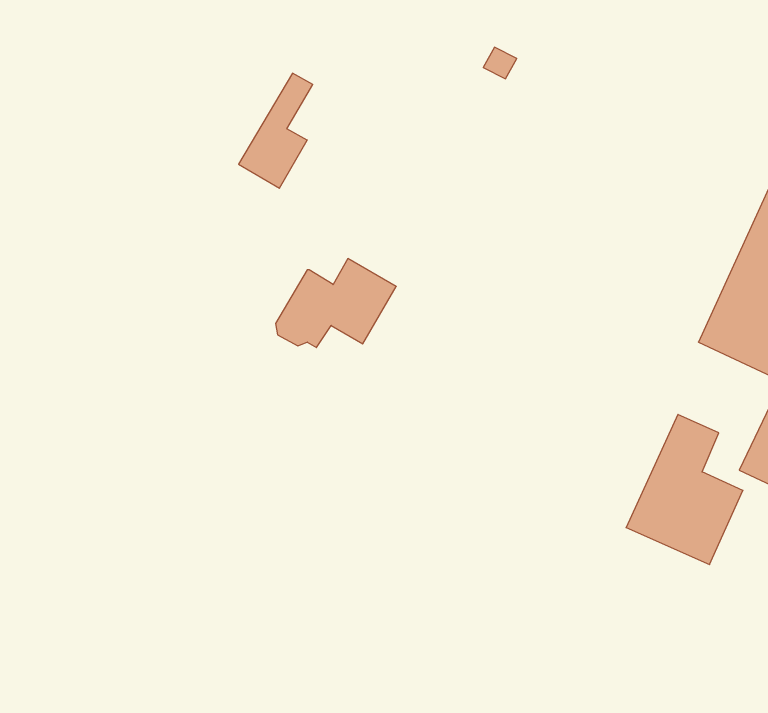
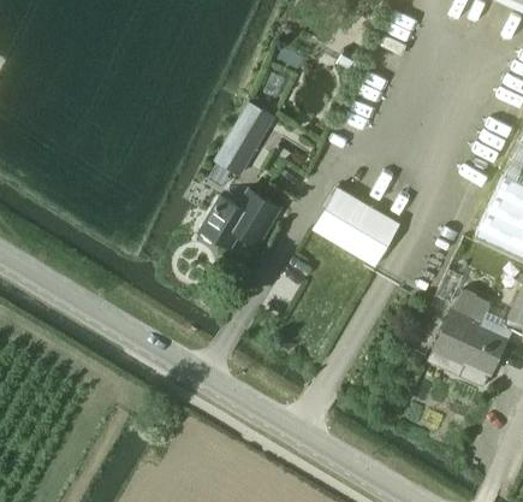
building: [239,73,313,188] -> [215,101,263,176]
building: none -> [314,185,402,265]

